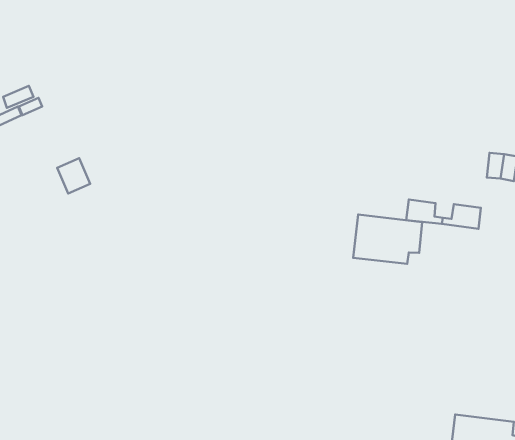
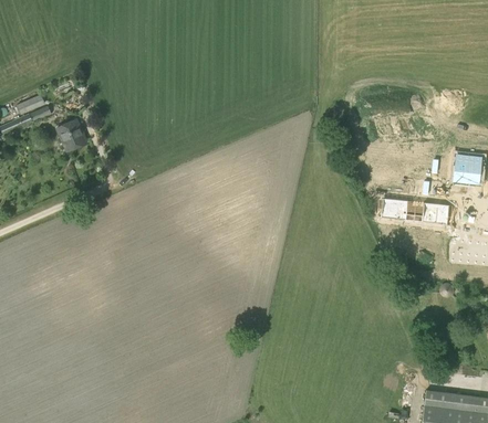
building: [57,158,90,193] -> [58,119,87,151]
building: [353,215,422,264] -> none

